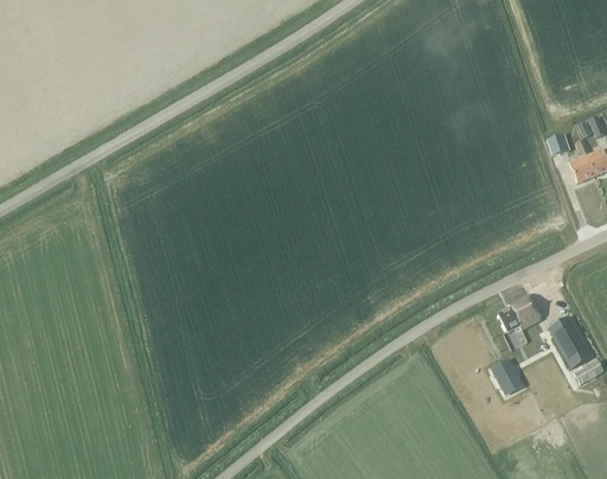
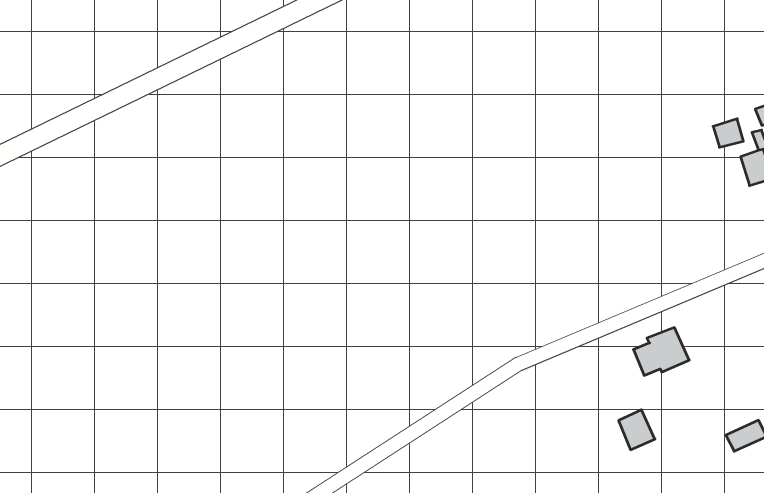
building: [549,315,593,368] -> none

